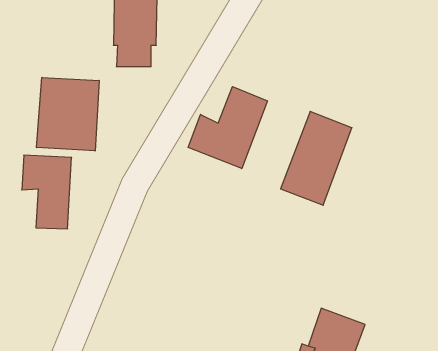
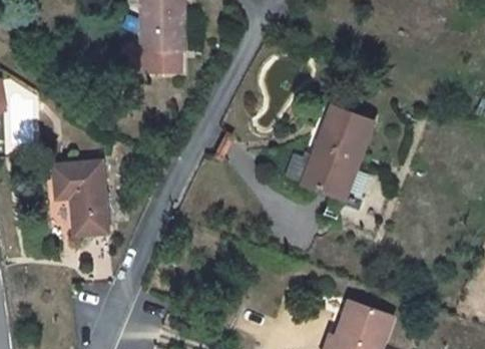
building: [37,77,99,151] -> none
building: [188,87,268,169] -> none

